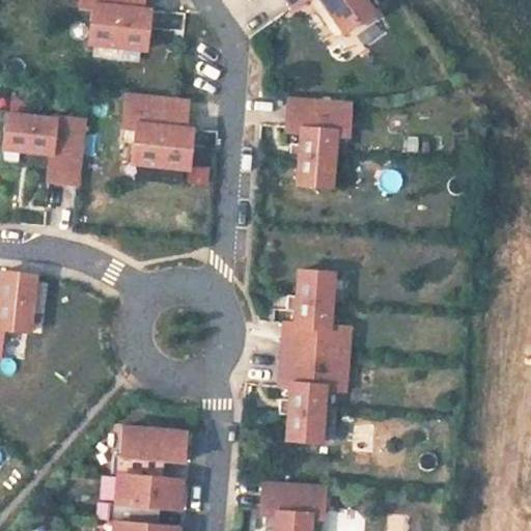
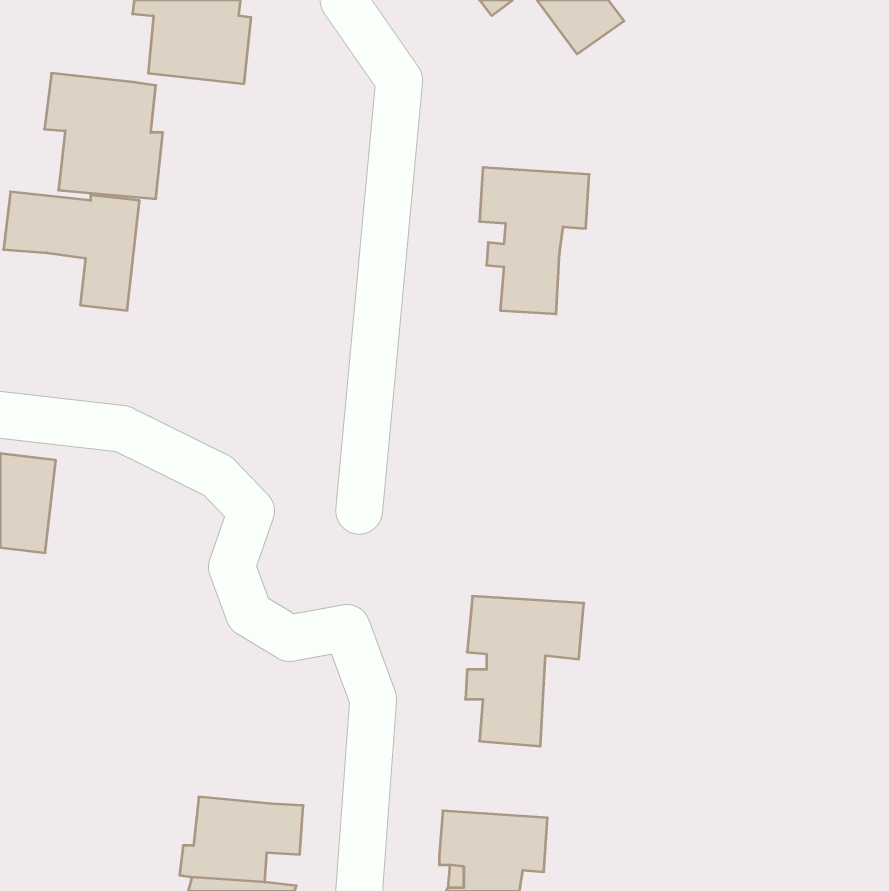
building: [123,94,194,169] -> [44,73,163,199]
building: [282,271,350,359] -> none
building: [112,426,186,478] -> none

